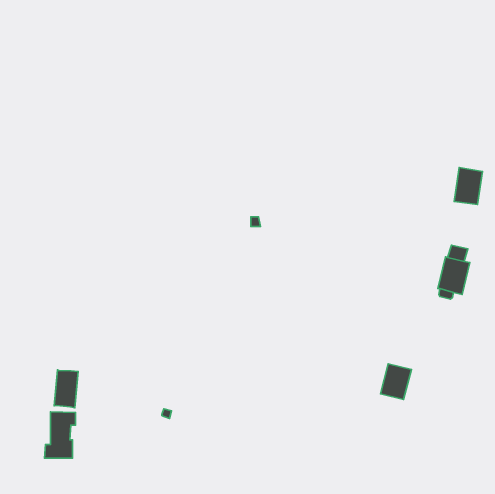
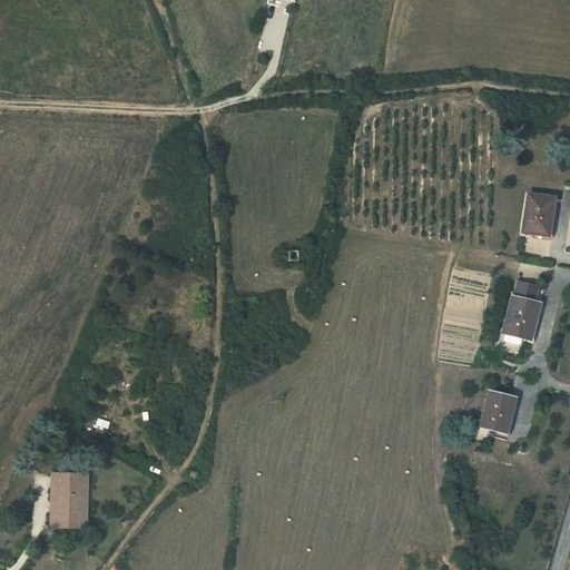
building: [380,364,411,400] -> [480,391,515,432]
building: [54,370,78,408] -> none

